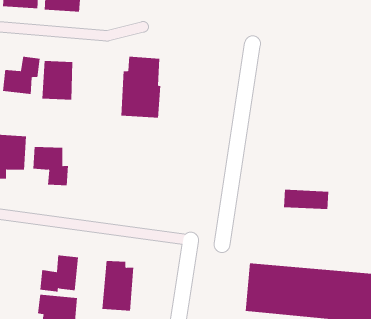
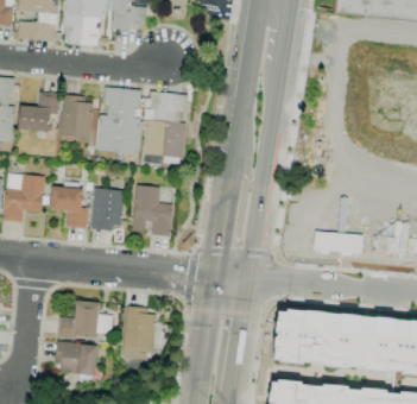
building: none -> [97,88,141,153]
building: none -> [133,185,171,235]
building: none -> [91,189,124,229]

